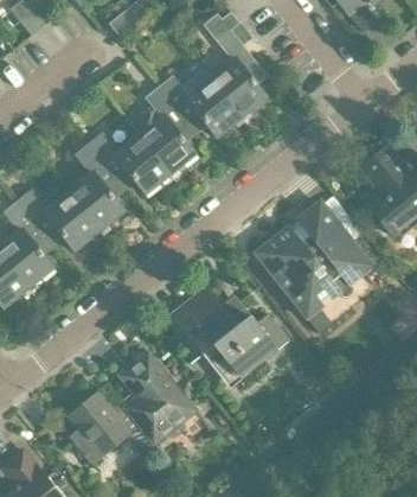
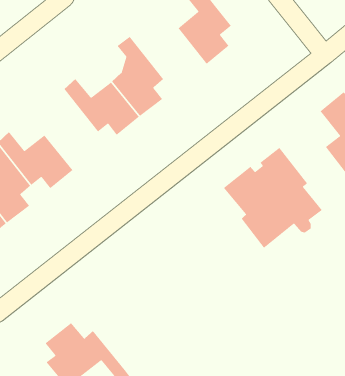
building: [160,69,242,136] -> none
building: [69,144,126,230] -> none
building: [173,288,289,375] -> none
building: [120,351,195,444] -> none

